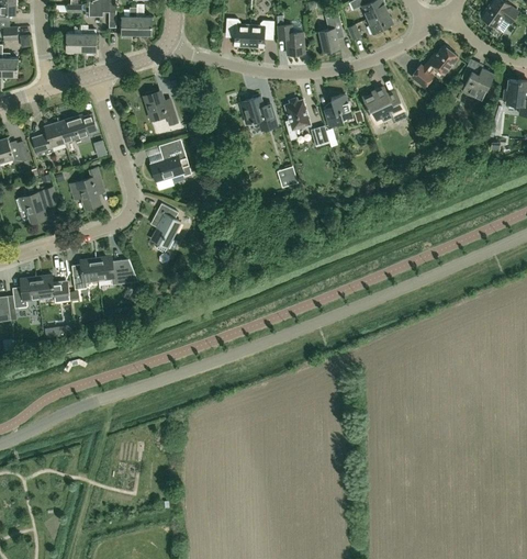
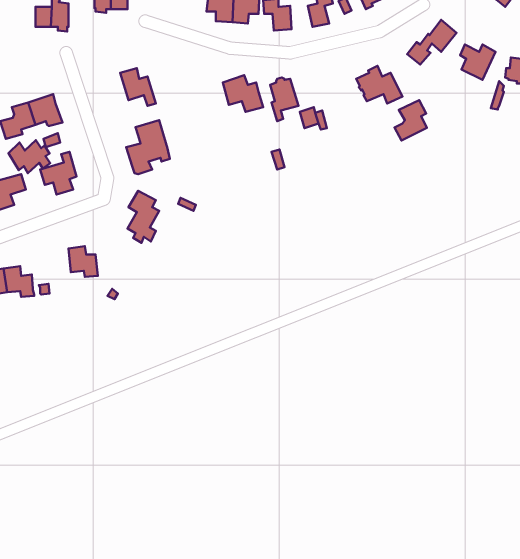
building: [324,93,352,126] -> none
building: none -> [394,100,427,141]
building: none -> [8,140,50,173]
building: [71,258,99,289] -> none

